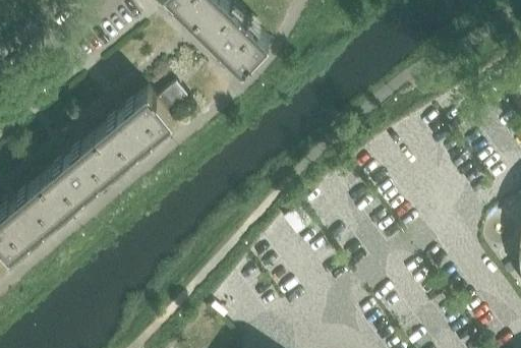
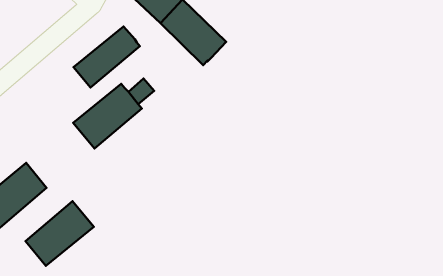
building: none -> [74,27,140,88]
building: [38,142,116,217] -> [25,201,94,266]

